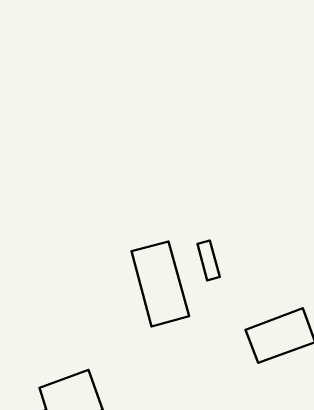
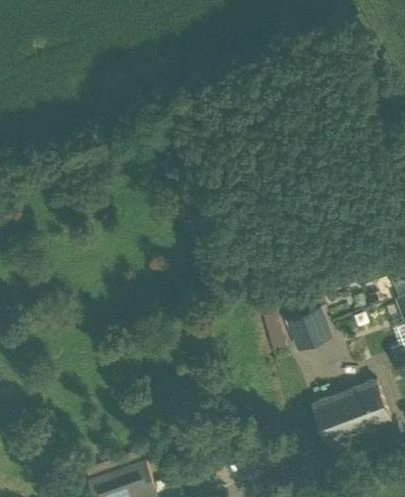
building: [132,242,189,326] -> none
building: none -> [293,312,332,349]

